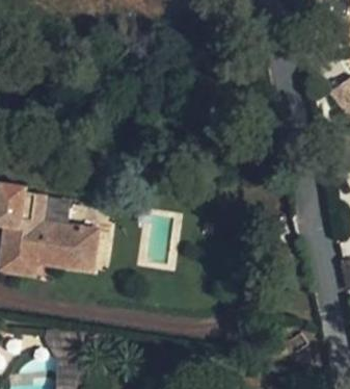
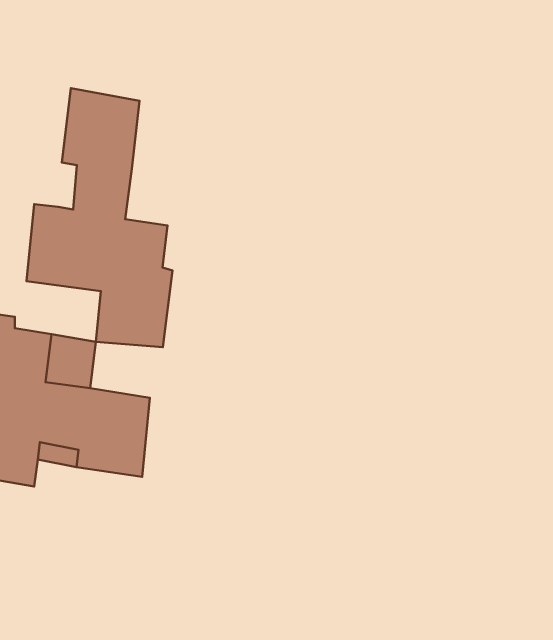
building: none -> [26,88,172,347]

